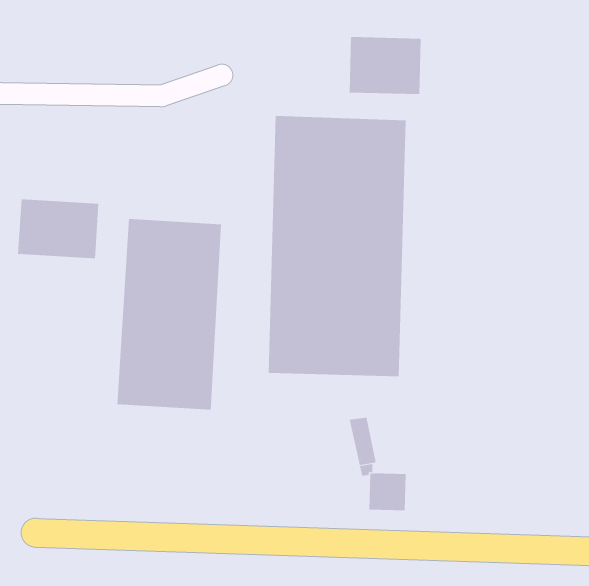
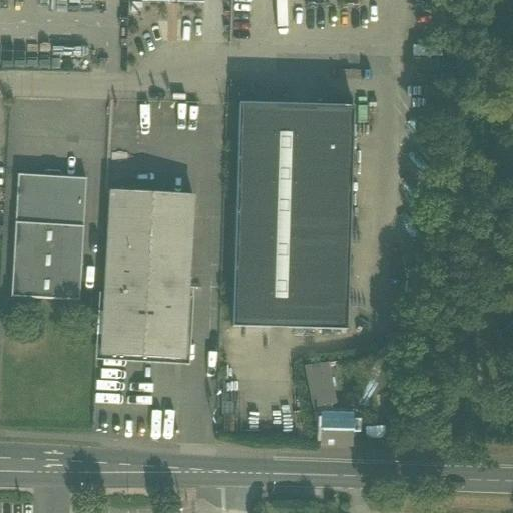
building: [349,36,421,95] -> none
building: none -> [12,220,84,298]

